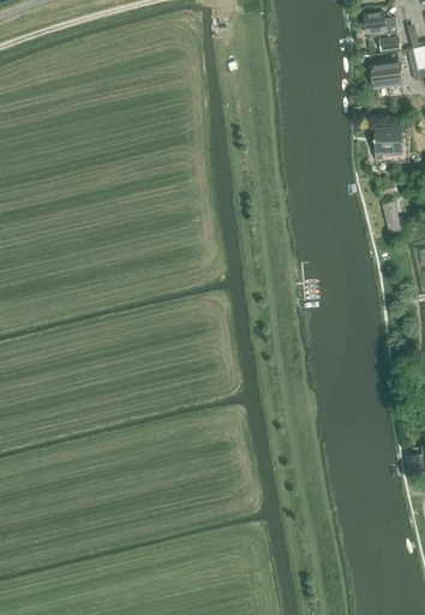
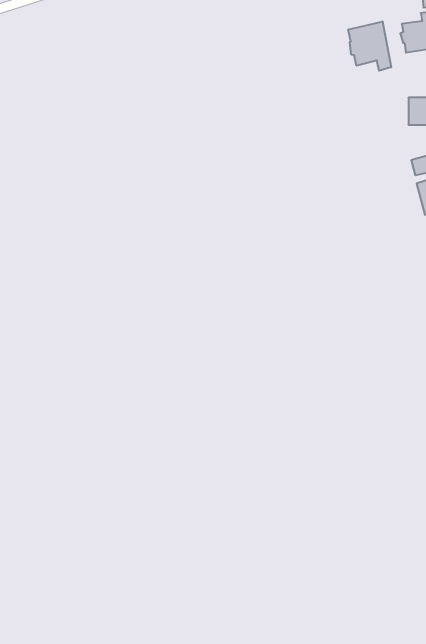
building: none -> [348,21,391,71]

